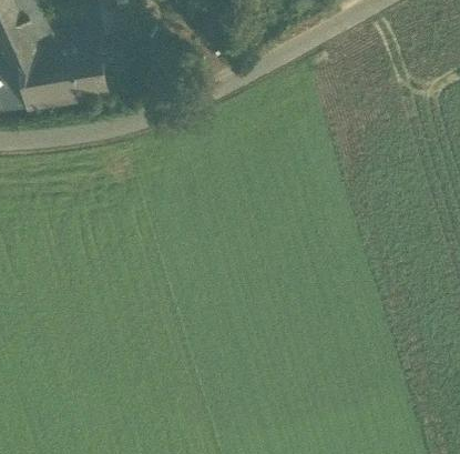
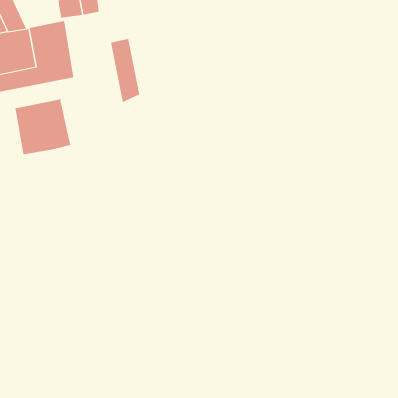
building: none -> [110,38,140,103]
building: none -> [15,99,71,155]

